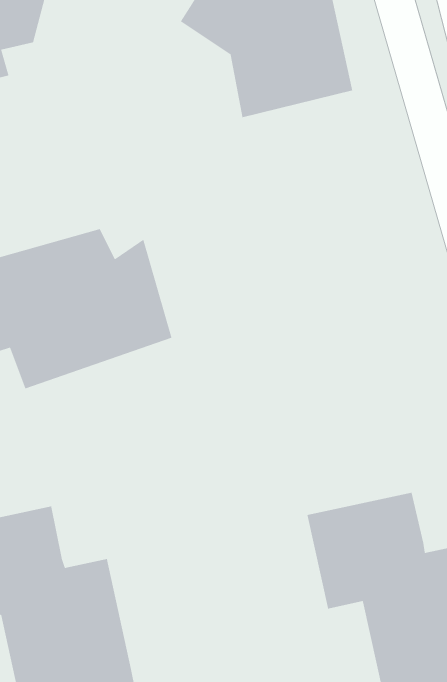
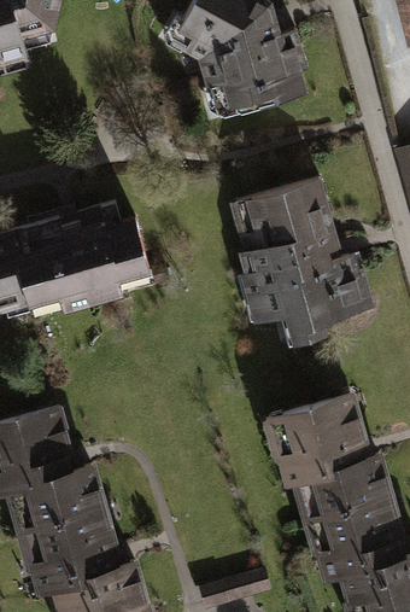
building: none -> [222,180,367,349]

